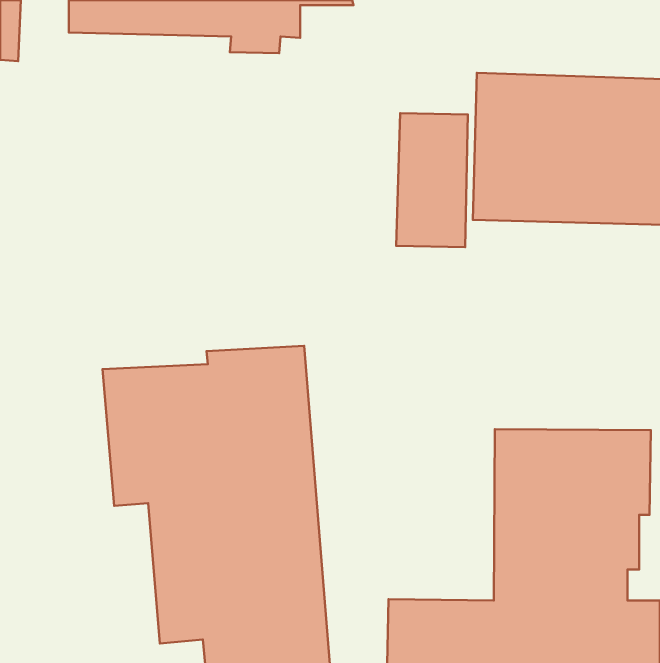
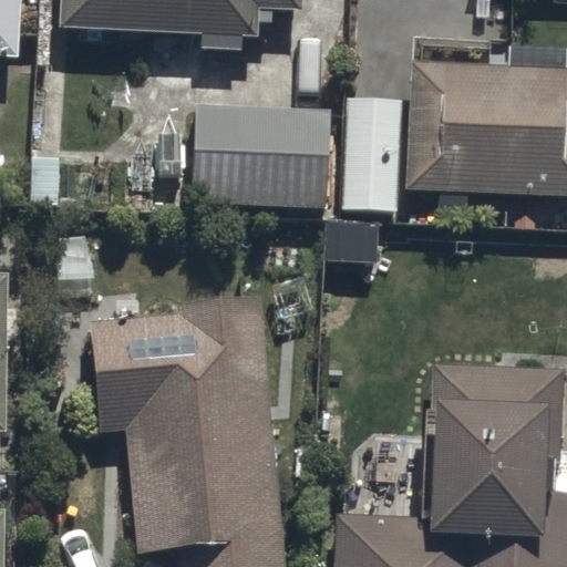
building: none -> [194,104,330,207]

